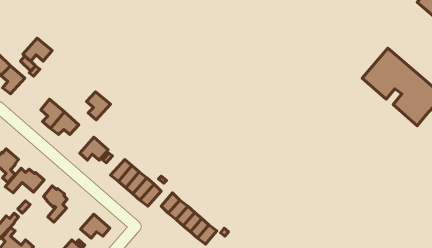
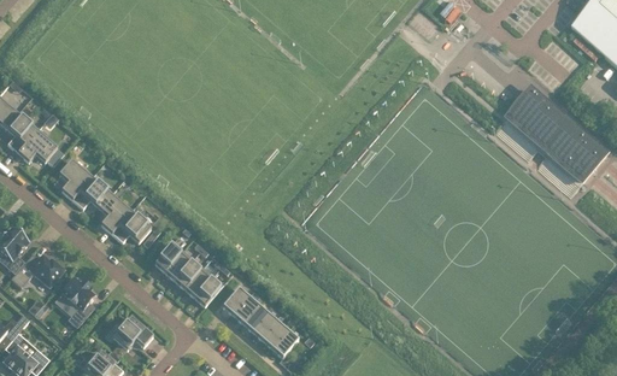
building: [23,38,52,61] -> [18,129,58,160]
building: [87,92,110,120] -> [99,193,131,231]

